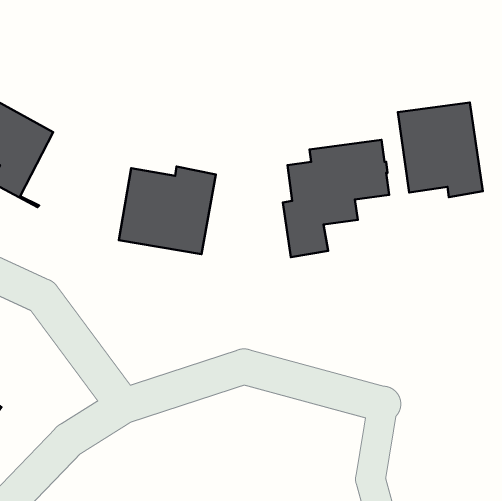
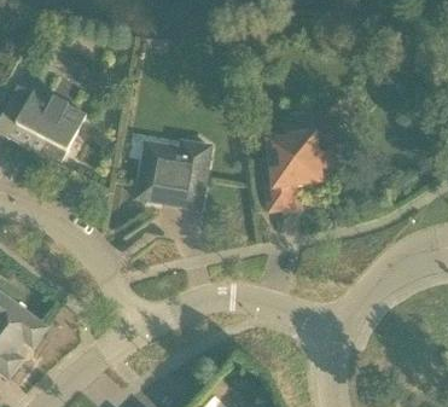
building: [398,102,483,197] -> none

